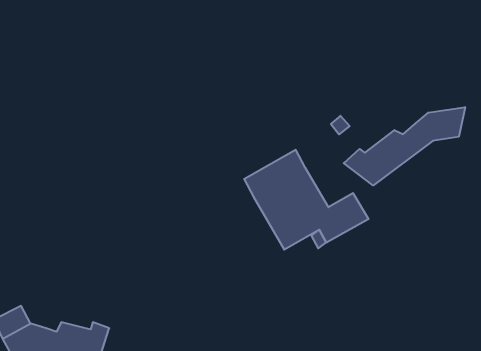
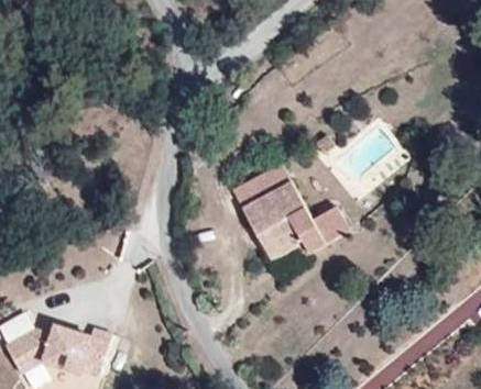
building: [344,107,465,185] -> none

